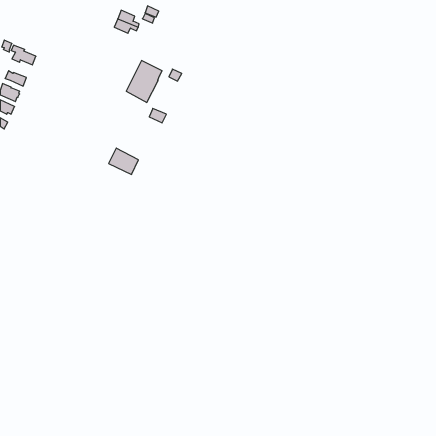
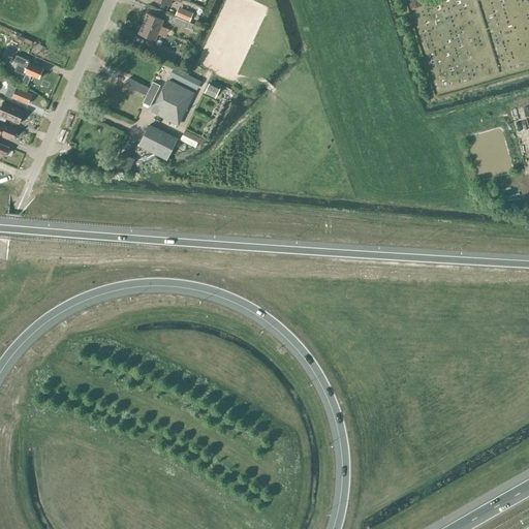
building: none -> [126,79,161,107]
building: [109,148,138,174] -> [139,126,176,158]

